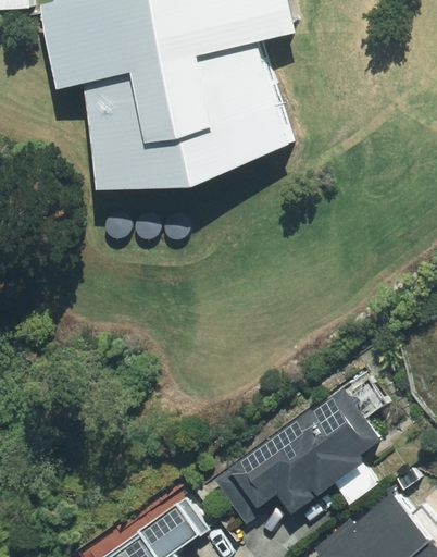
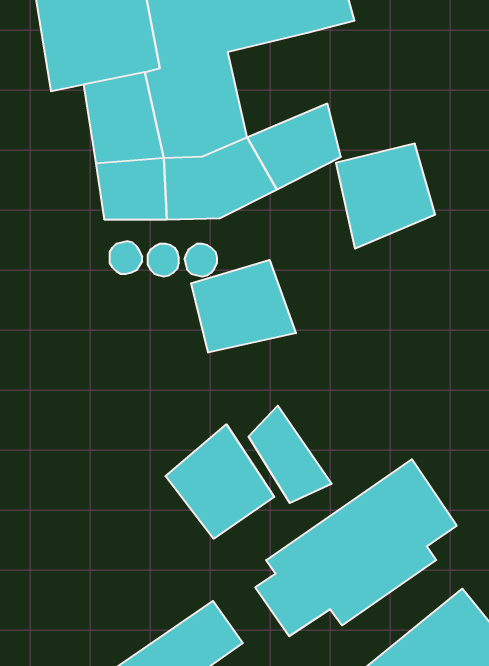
building: [197,44,276,127] -> [336,144,435,249]
building: none -> [191,260,296,353]
building: none -> [249,406,332,503]
building: none -> [165,424,274,539]

